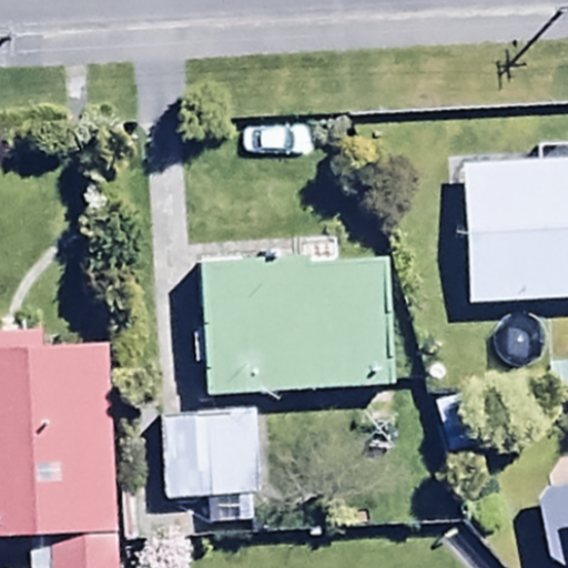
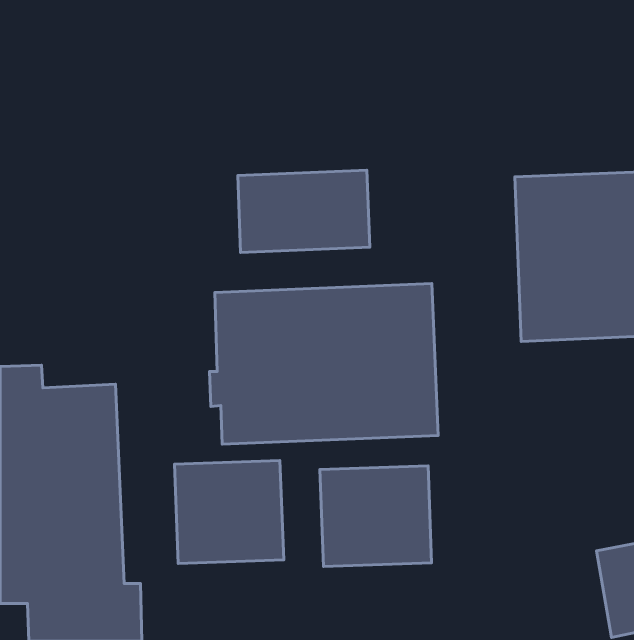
building: none -> [238,170,370,253]
building: none -> [320,466,432,566]

